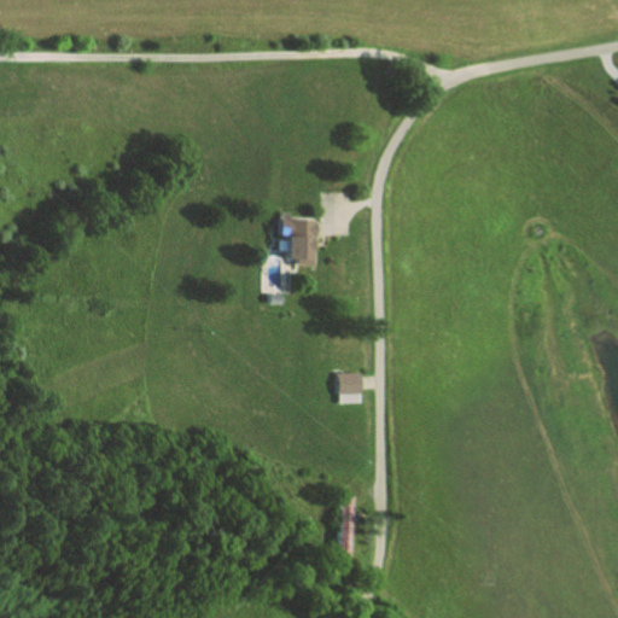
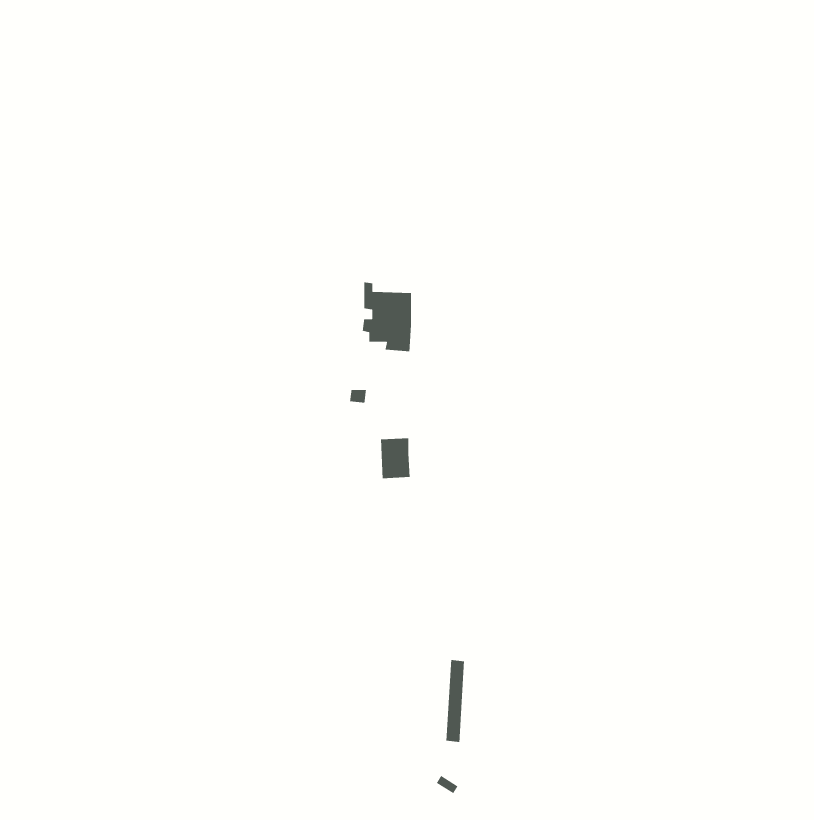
building: [337,372,360,403] -> [380,437,411,479]

